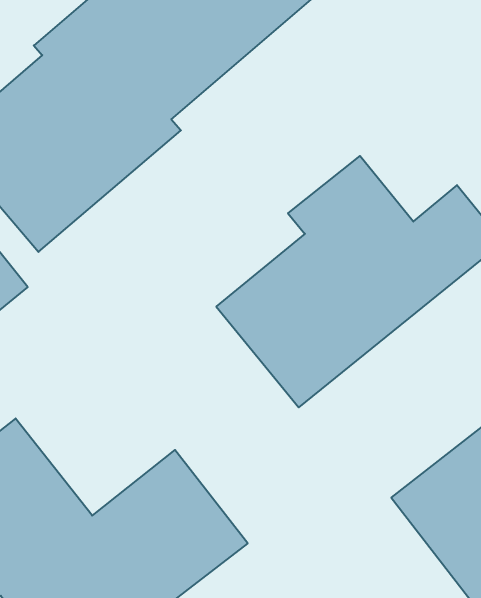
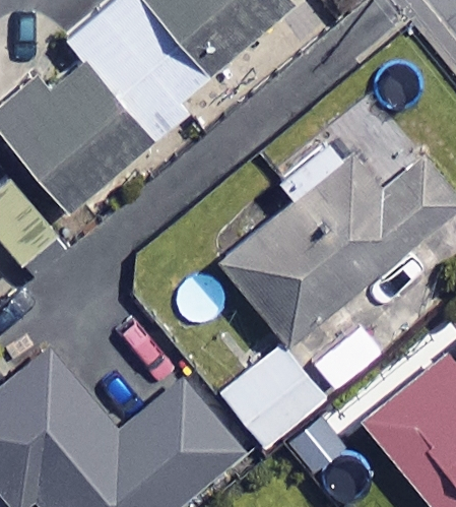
building: none -> [220,340,327,446]

